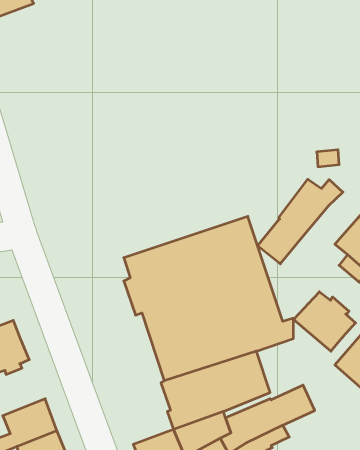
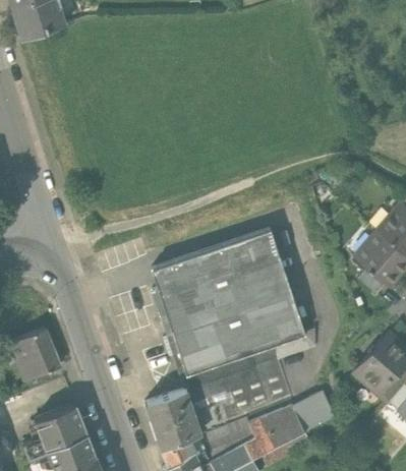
building: [258,179,343,264] -> none
building: [293,292,356,351] -> none
building: none -> [144,390,198,449]

